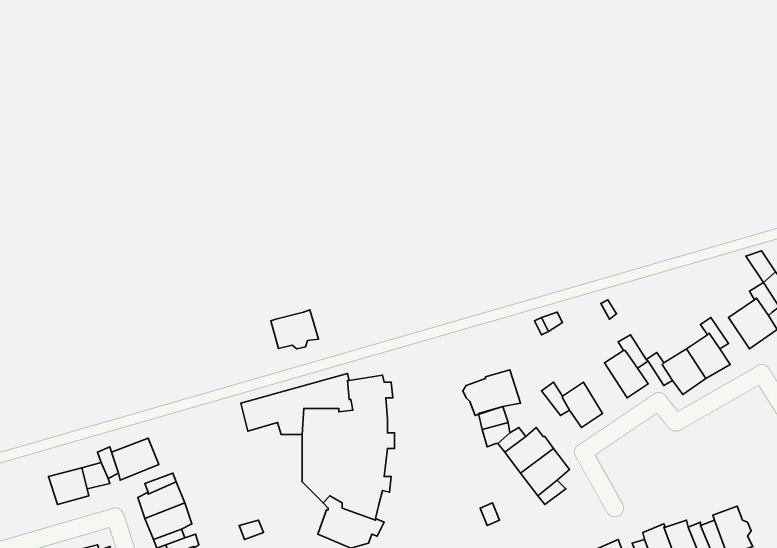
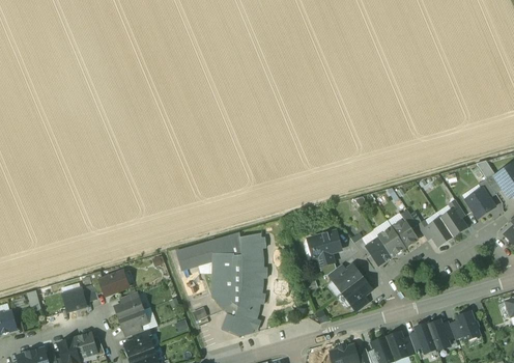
building: [271,310,319,349] -> none
building: none -> [378,226,405,256]

